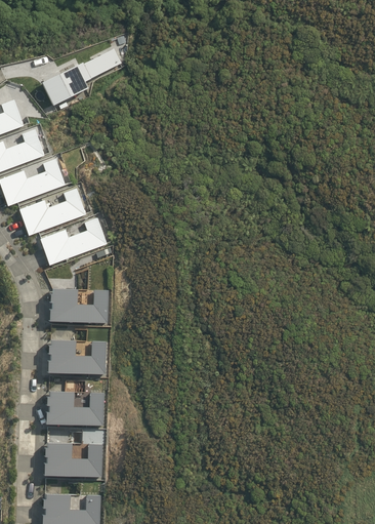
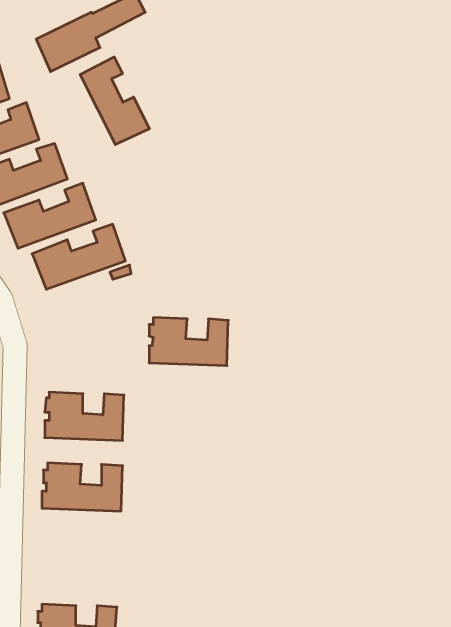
building: none -> [80,57,149,145]
building: [51,288,109,323] -> [149,318,228,366]
building: [45,442,103,477] -> none

